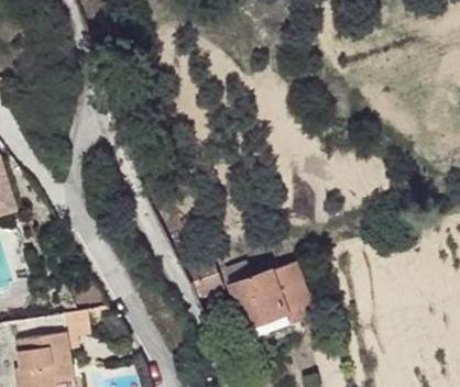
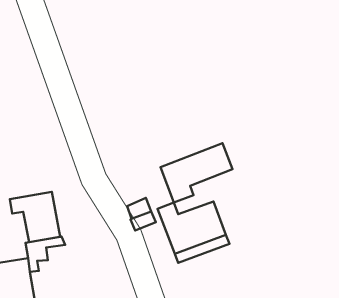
building: none -> [160,143,233,202]
building: none -> [10,192,60,242]

